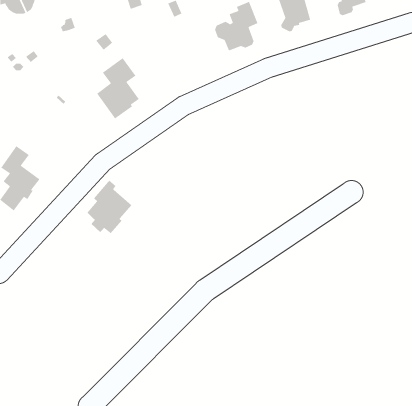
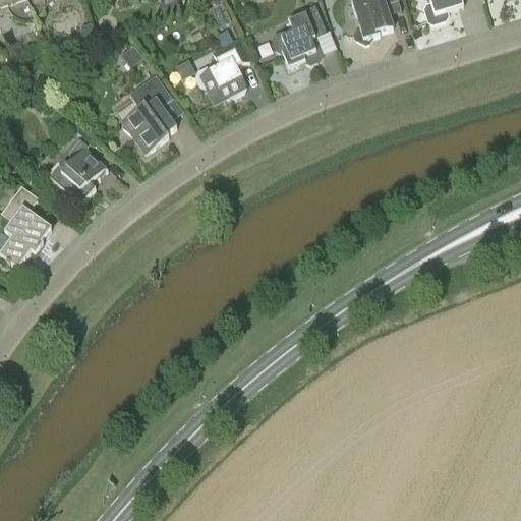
building: none -> [195,37,248,102]
building: [87,179,133,234] -> [49,134,107,204]

